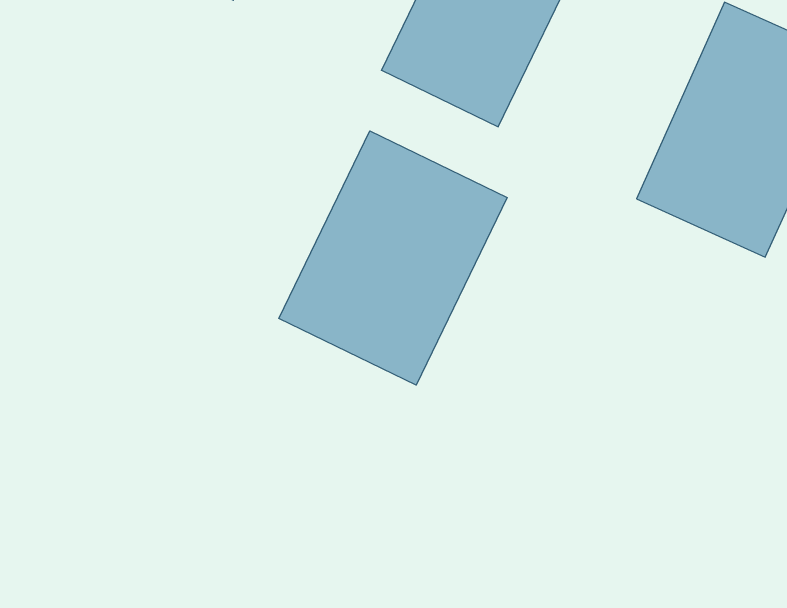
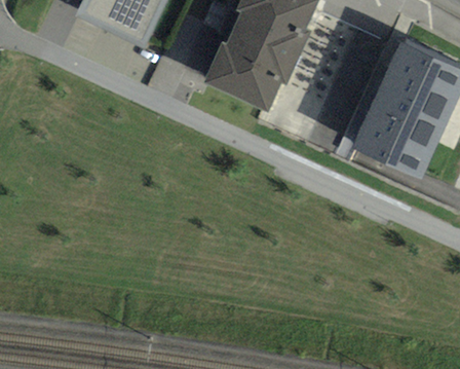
building: [279,131,507,385] -> none

